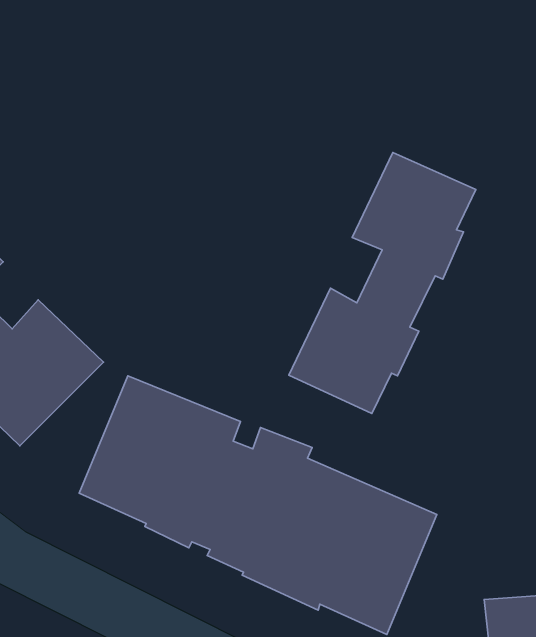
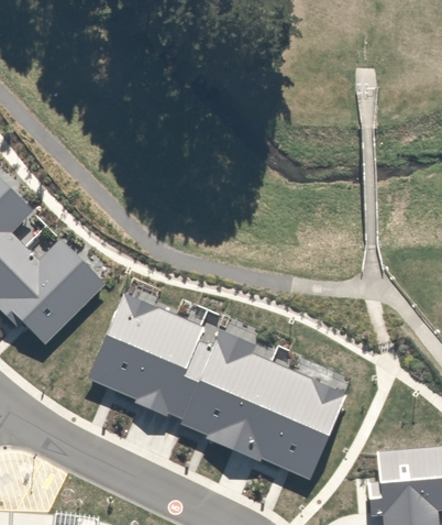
building: [289,153,476,413] -> none

